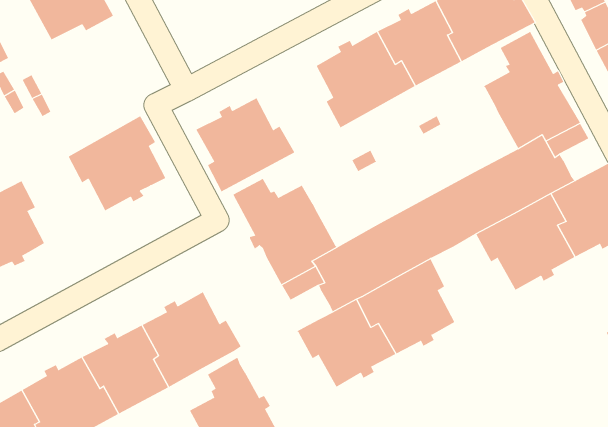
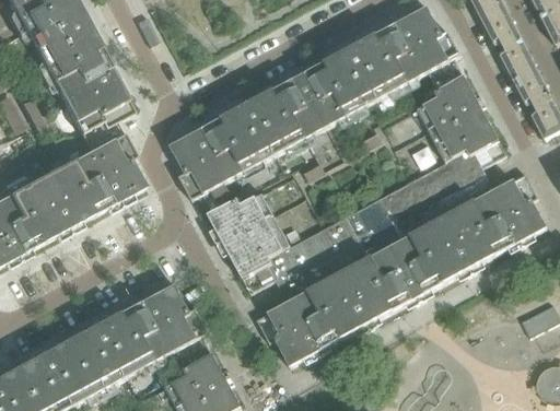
building: none -> [46,47,133,144]
building: none -> [222,90,293,164]
building: none -> [21,167,92,242]
building: none -> [371,234,443,309]

